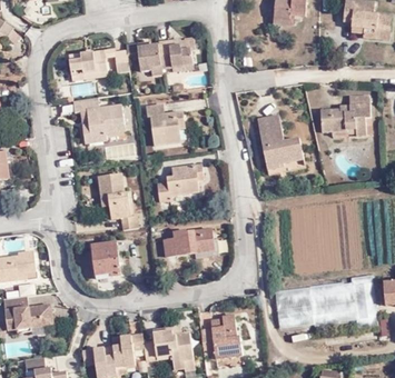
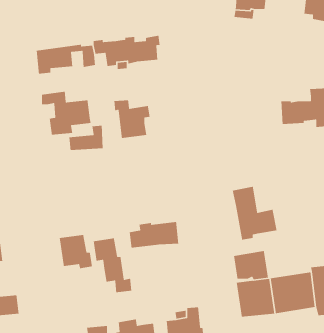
building: [255,113,302,169] -> [232,186,278,241]
building: [158,166,204,202] -> none
building: [99,175,139,231] -> [93,237,132,293]
building: none -> [233,250,269,280]

